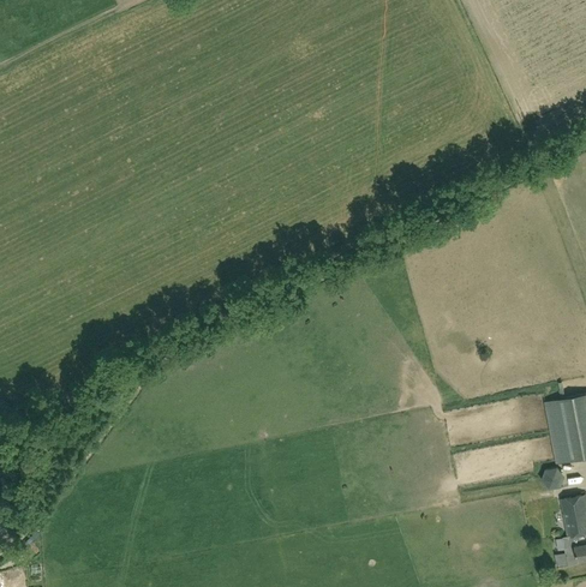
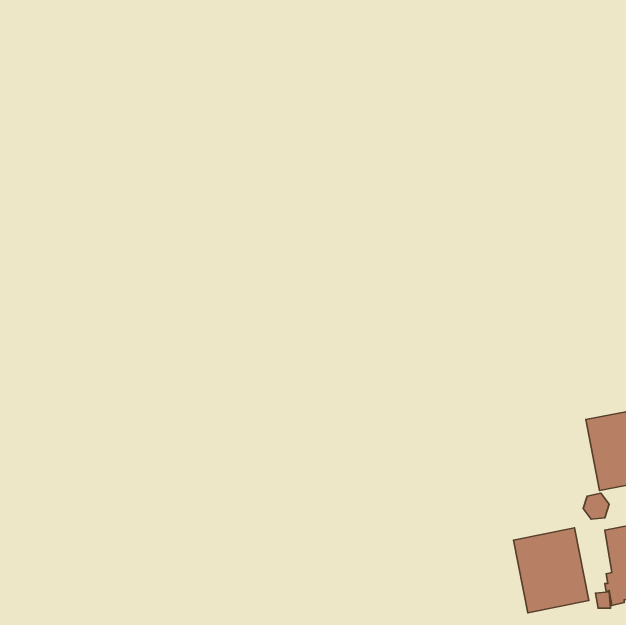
building: none -> [513,528,589,613]

